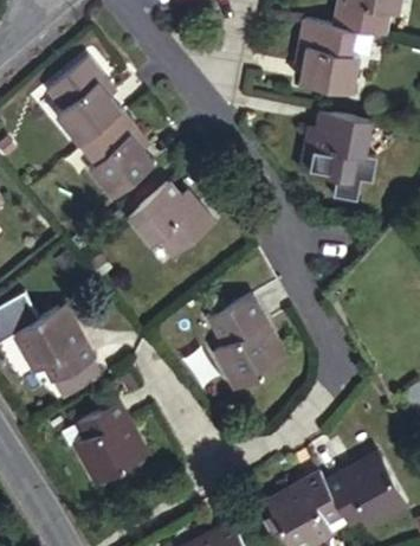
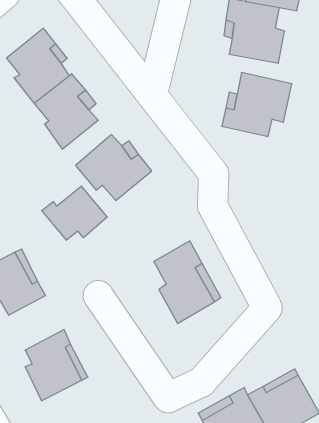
building: none -> [42,186,107,240]

